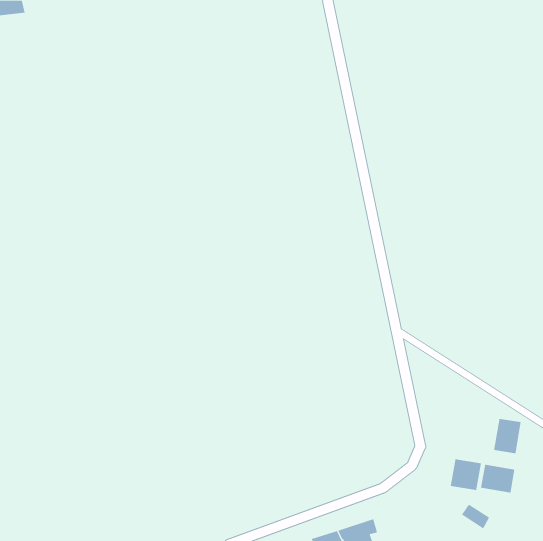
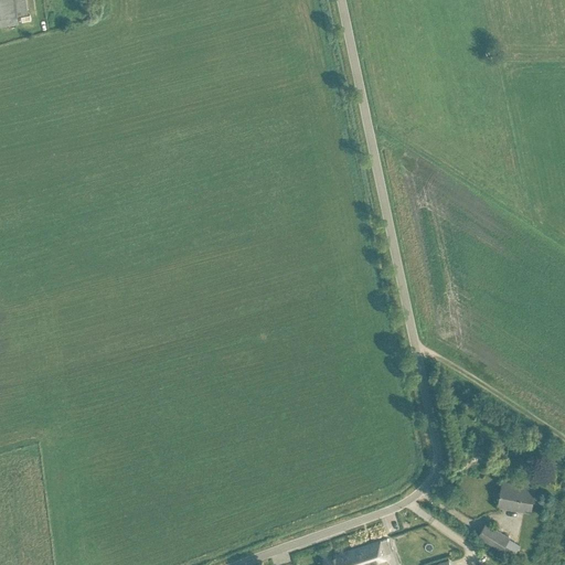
building: [493,418,521,454] -> none
building: [450,459,481,491] -> none

